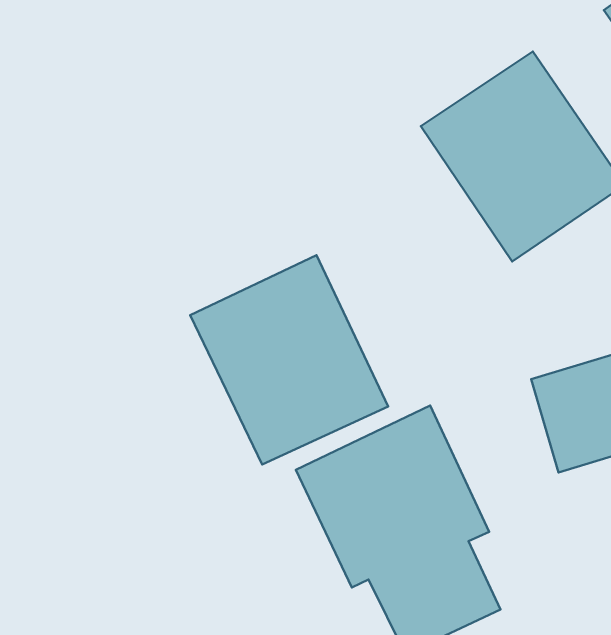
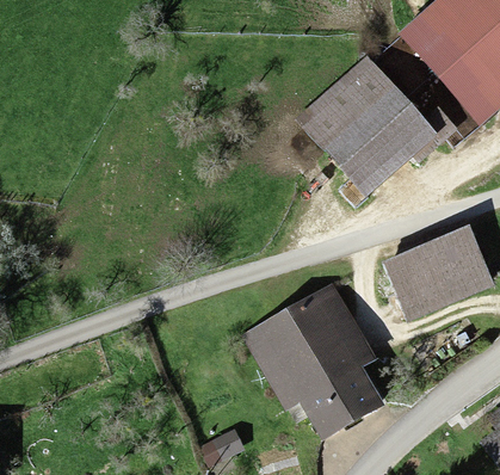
building: [190,255,388,464] -> none

